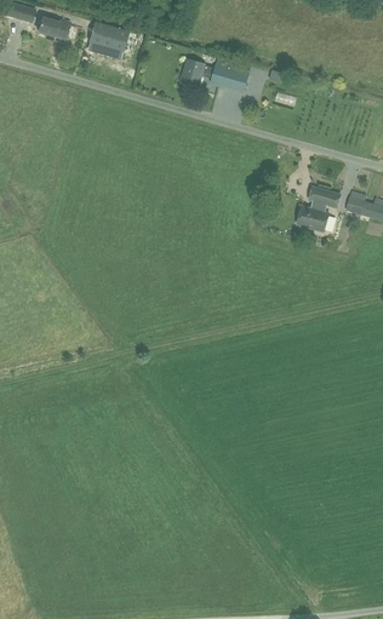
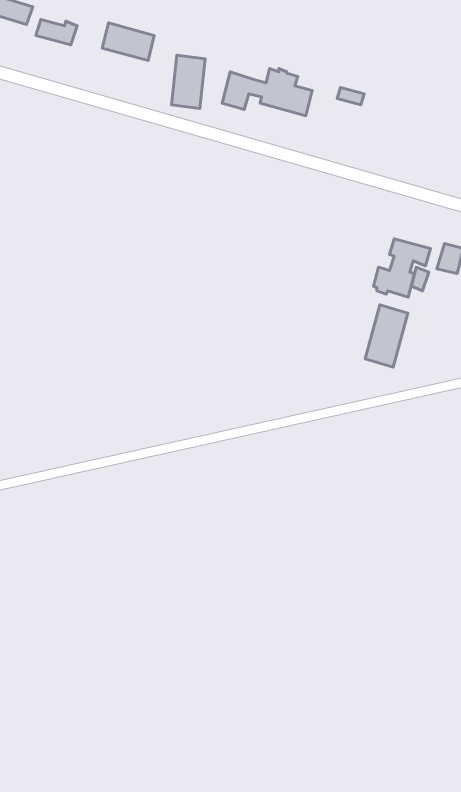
building: none -> [172,55,205,108]
building: none -> [365,305,408,367]

